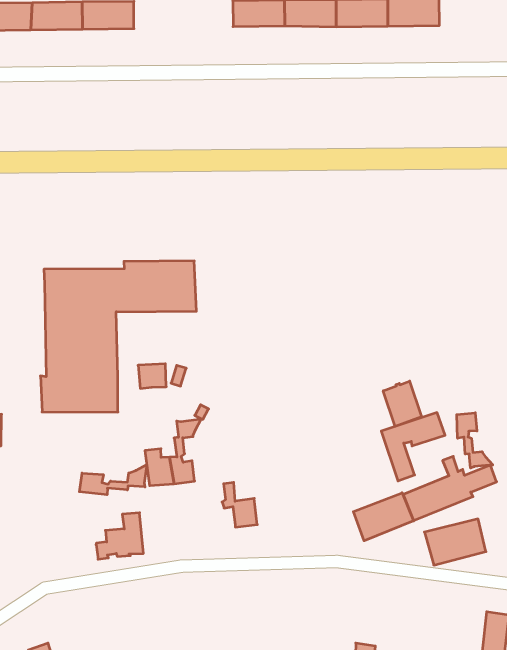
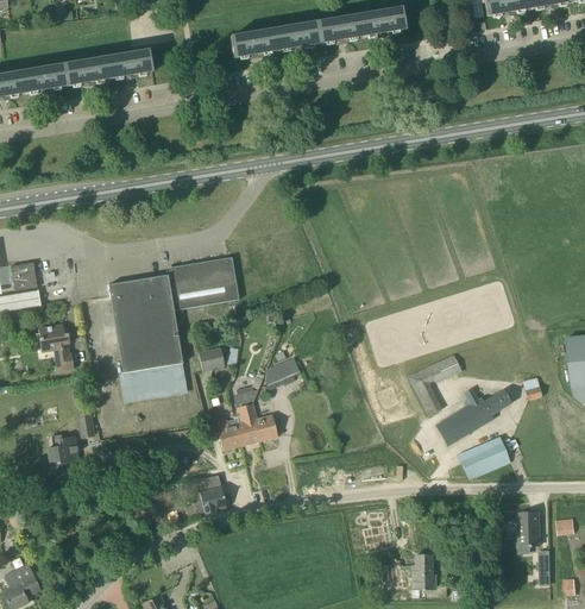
building: [383,381,422,426] -> none
building: none -> [264,357,298,389]
building: [457,413,493,468] -> none
building: [79,465,147,495] -> none
building: [222,482,257,527] -> [244,403,277,440]
building: [353,493,414,541] -> none

